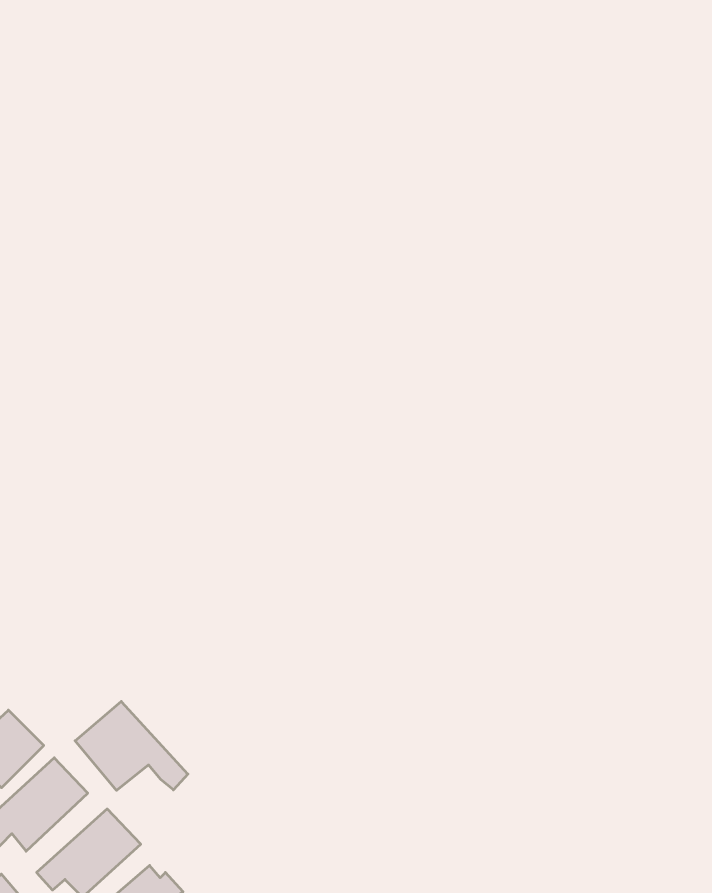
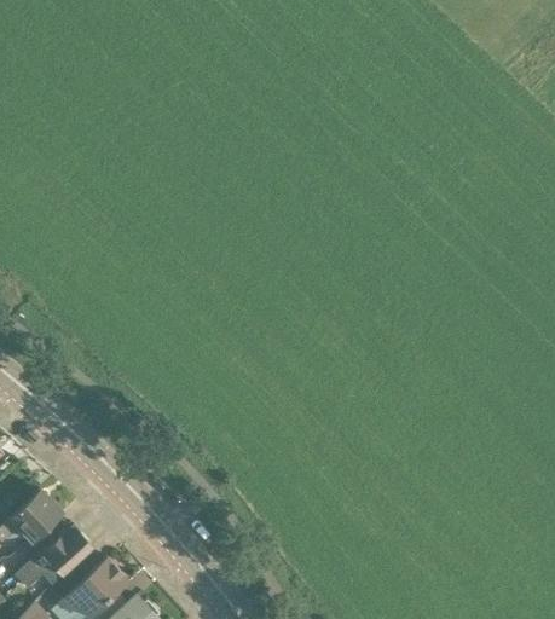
building: [75,701,188,790] -> none

